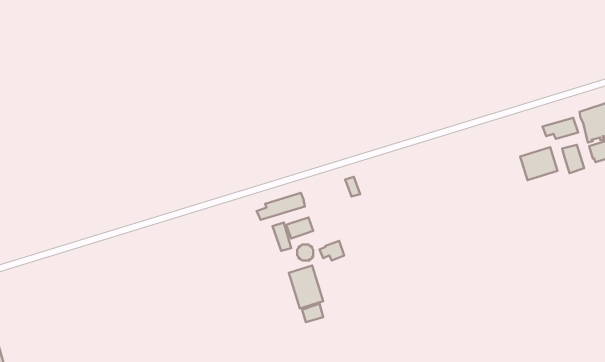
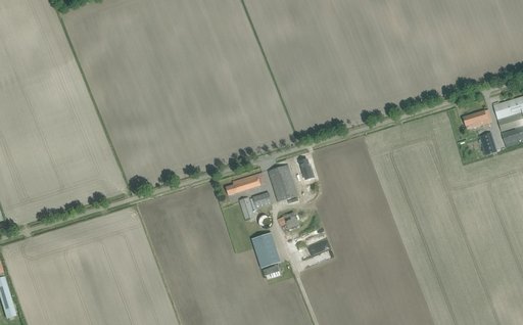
building: [520,147,557,180] -> none
building: none -> [268,165,297,201]

